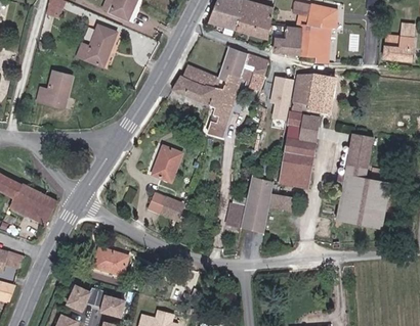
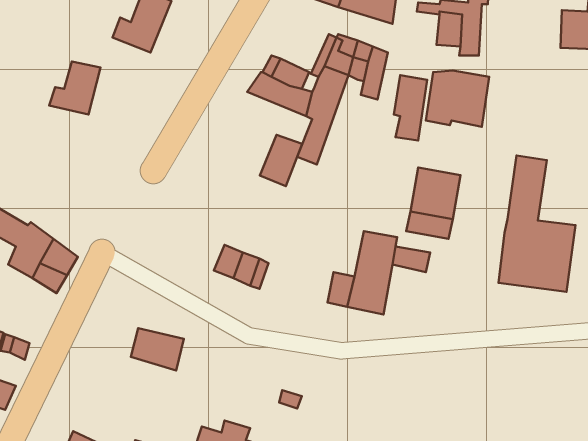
building: [274,35,301,57] -> none
building: [287,110,320,145] -> none
building: [155,148,183,183] -> [260,135,302,186]
building: [59,289,117,318] -> none

